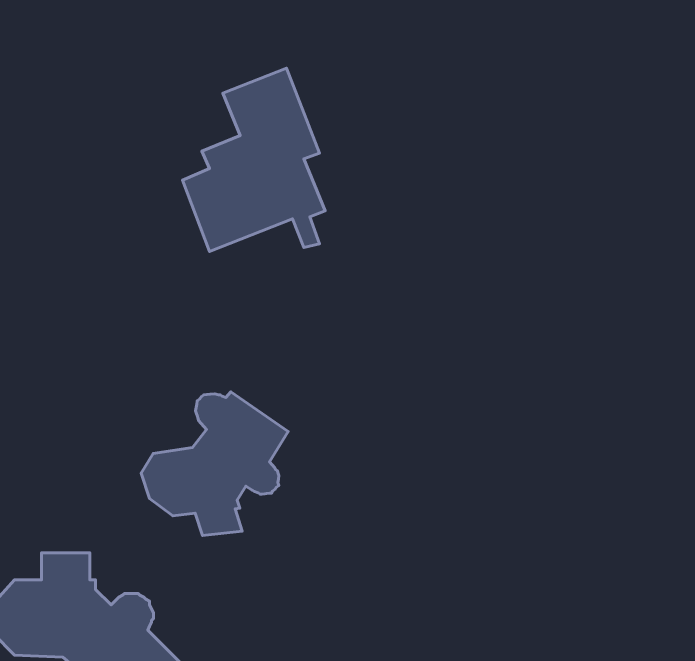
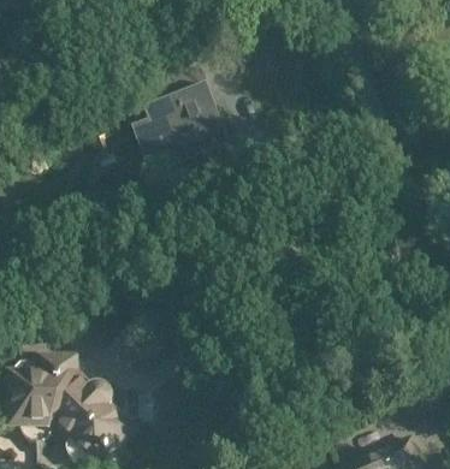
building: [141,392,288,536] -> none

